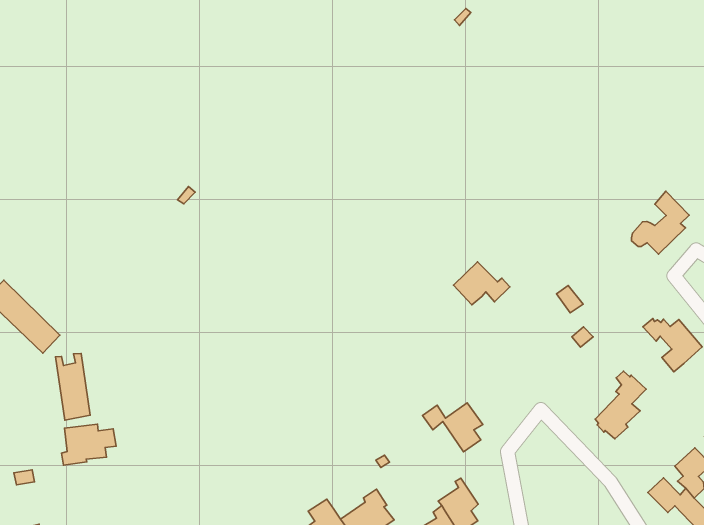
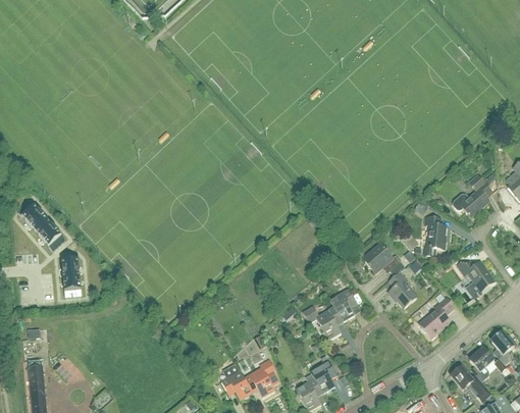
building: none -> [423,214,445,255]
building: [453,262,510,305] -> [362,243,400,271]
building: none -> [387,269,416,306]
building: none -> [329,287,356,320]
building: [62,424,116,465] -> none

